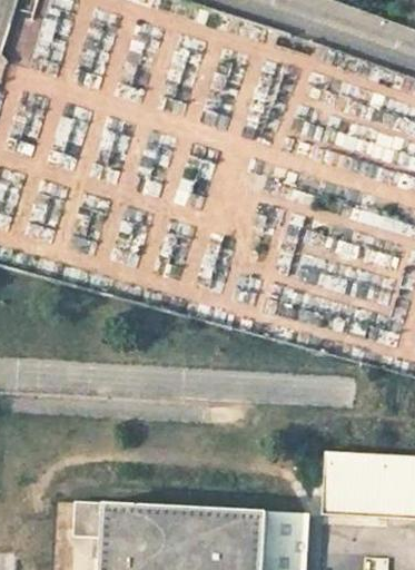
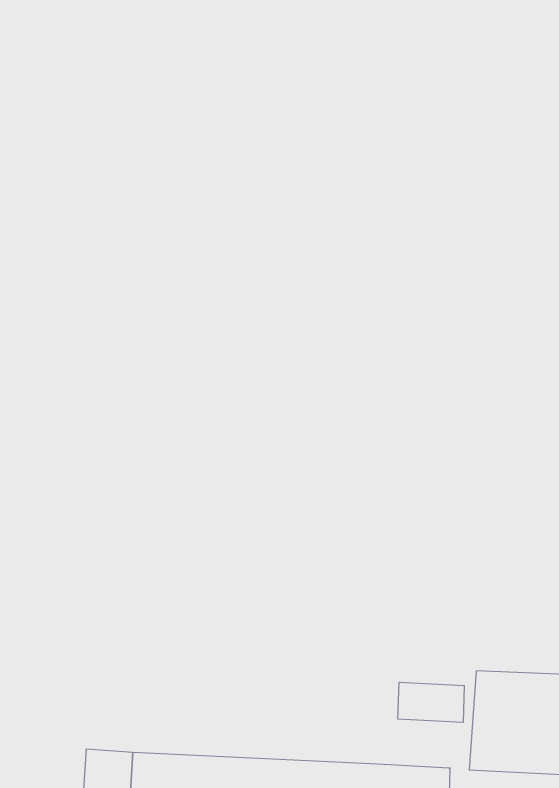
building: none -> [398,682,464,722]

